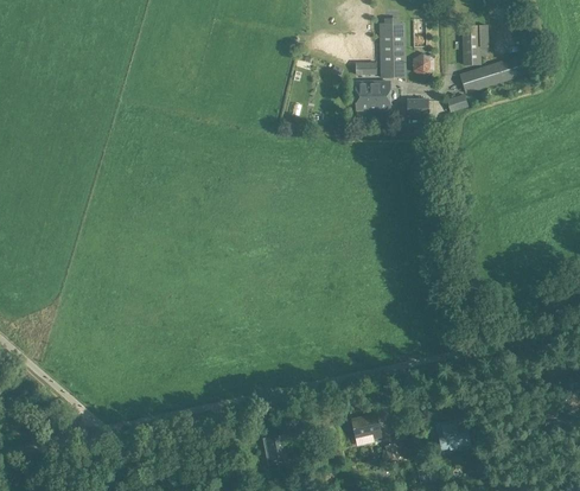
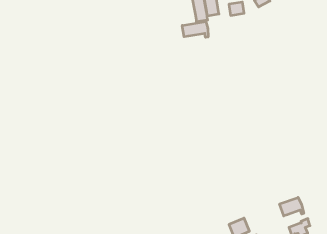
building: none -> [182,22,208,37]
building: none -> [280,197,304,216]

